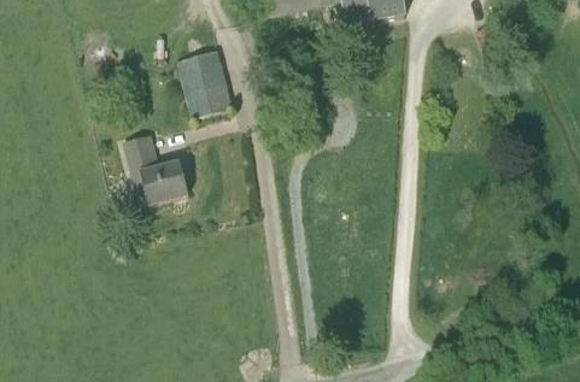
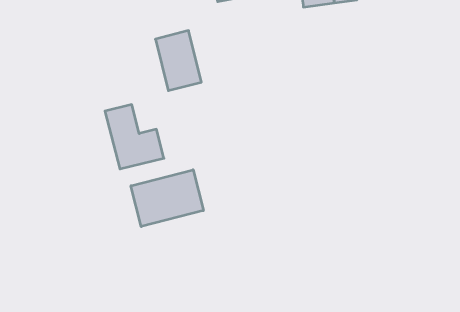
building: none -> [131,170,203,227]

